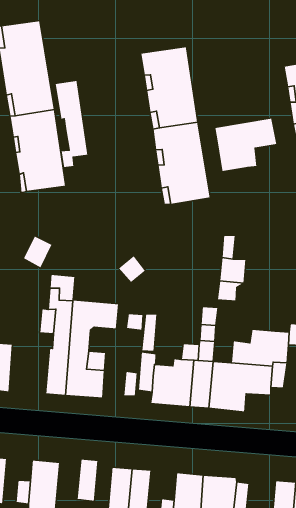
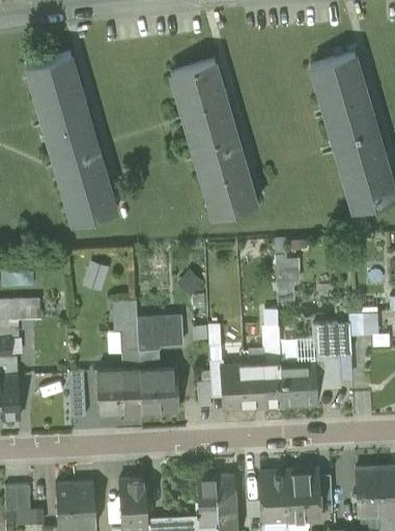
building: [55,80,88,168] -> none
building: [215,118,277,172] -> none
building: none -> [97,369,122,415]
building: [77,459,98,501] -> none

